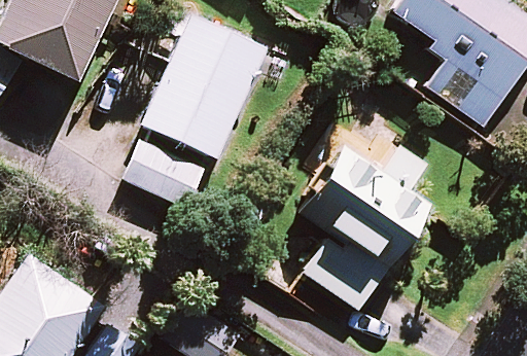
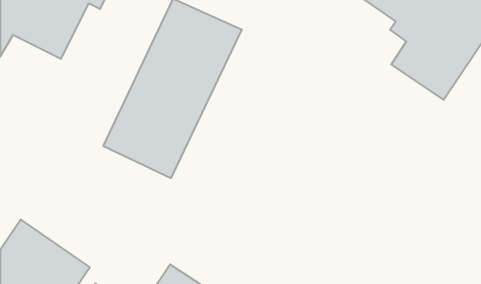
building: [298,146,429,309] -> none

